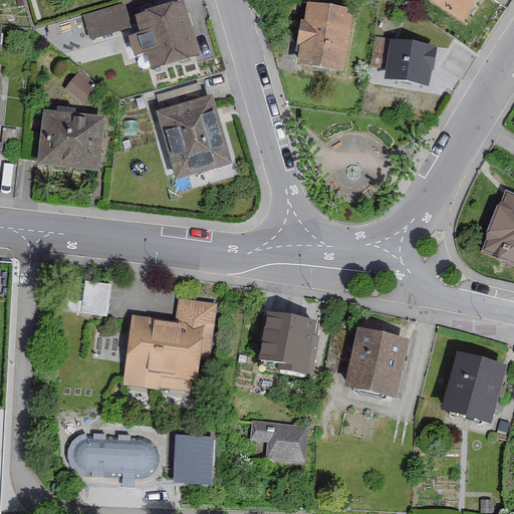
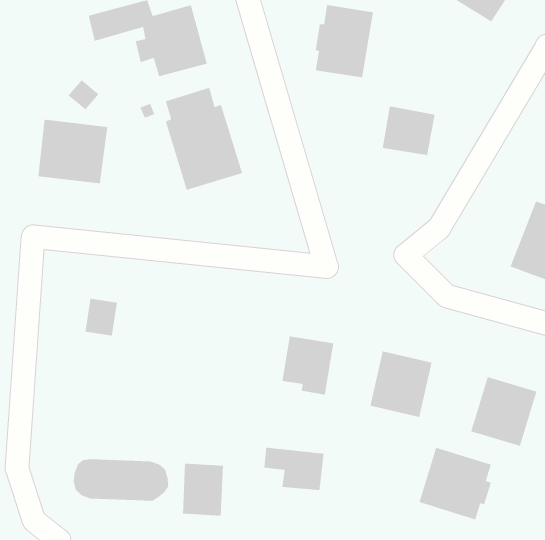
building: [384,39,435,86] -> [382,106,435,156]
building: [131,297,217,383] -> none
building: none -> [418,447,492,520]

